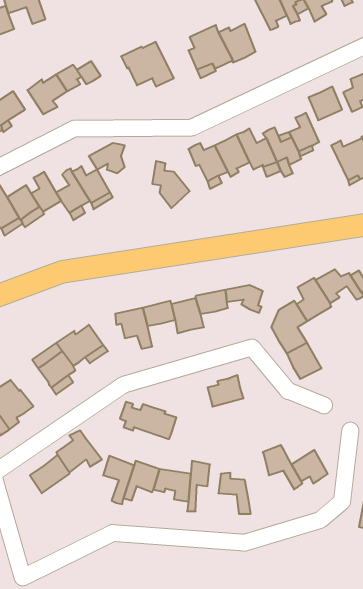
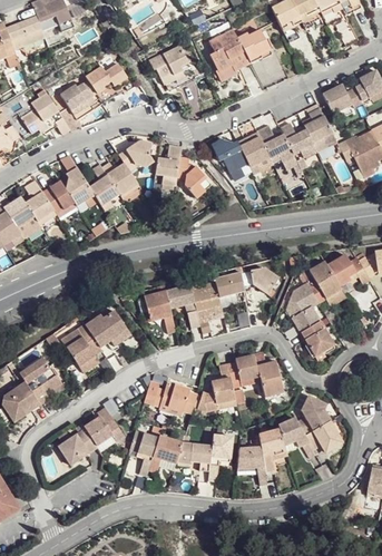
building: none -> [154,144,180,186]
building: none -> [257,361,283,398]
building: none -> [198,365,236,412]
building: none -> [297,394,326,437]
building: none -> [258,429,285,469]

